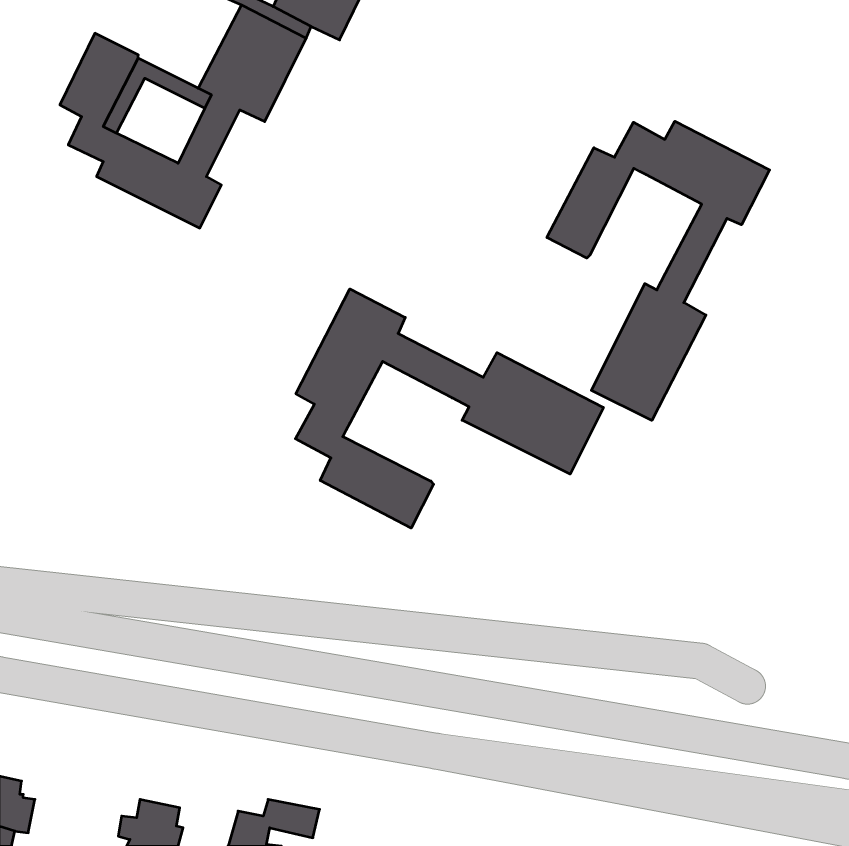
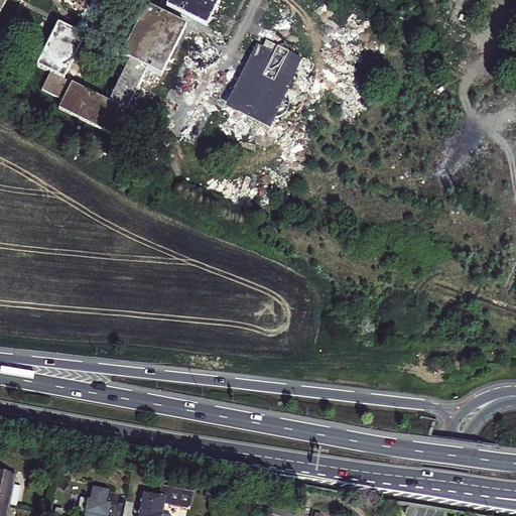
building: none -> [227,37,300,122]
building: [547,121,770,420] -> none
building: [295,289,603,528] -> none

